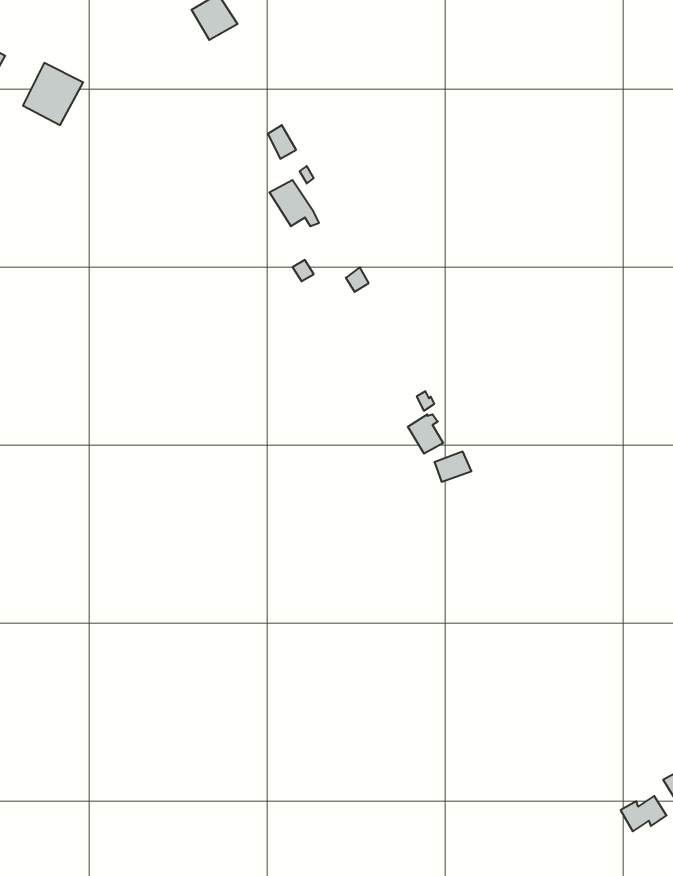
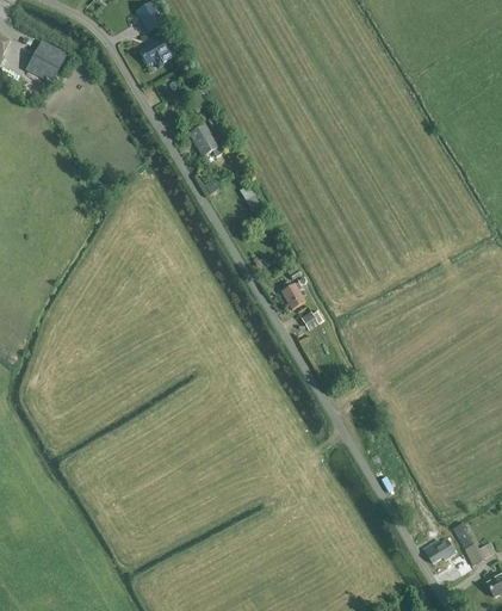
building: none -> [138,35,176,66]

